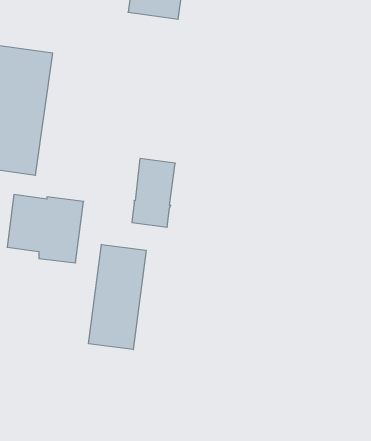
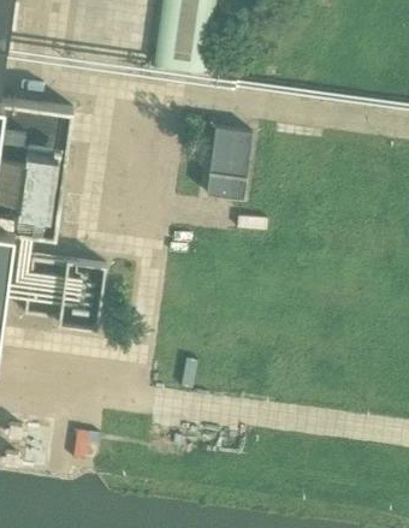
building: [132,159,175,227] -> [204,130,250,202]
building: [89,244,146,350] -> none

